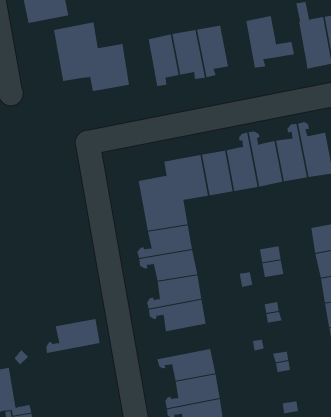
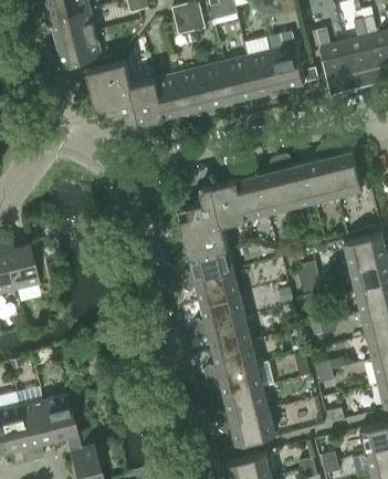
building: none -> [247,51,281,98]
building: none -> [155,74,189,121]
building: [45,318,100,354] -> [205,341,256,377]

